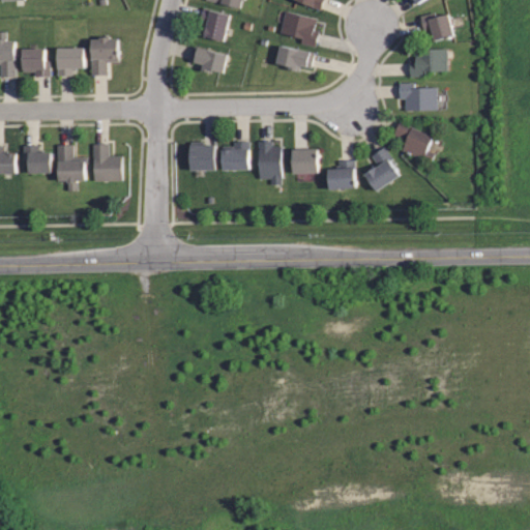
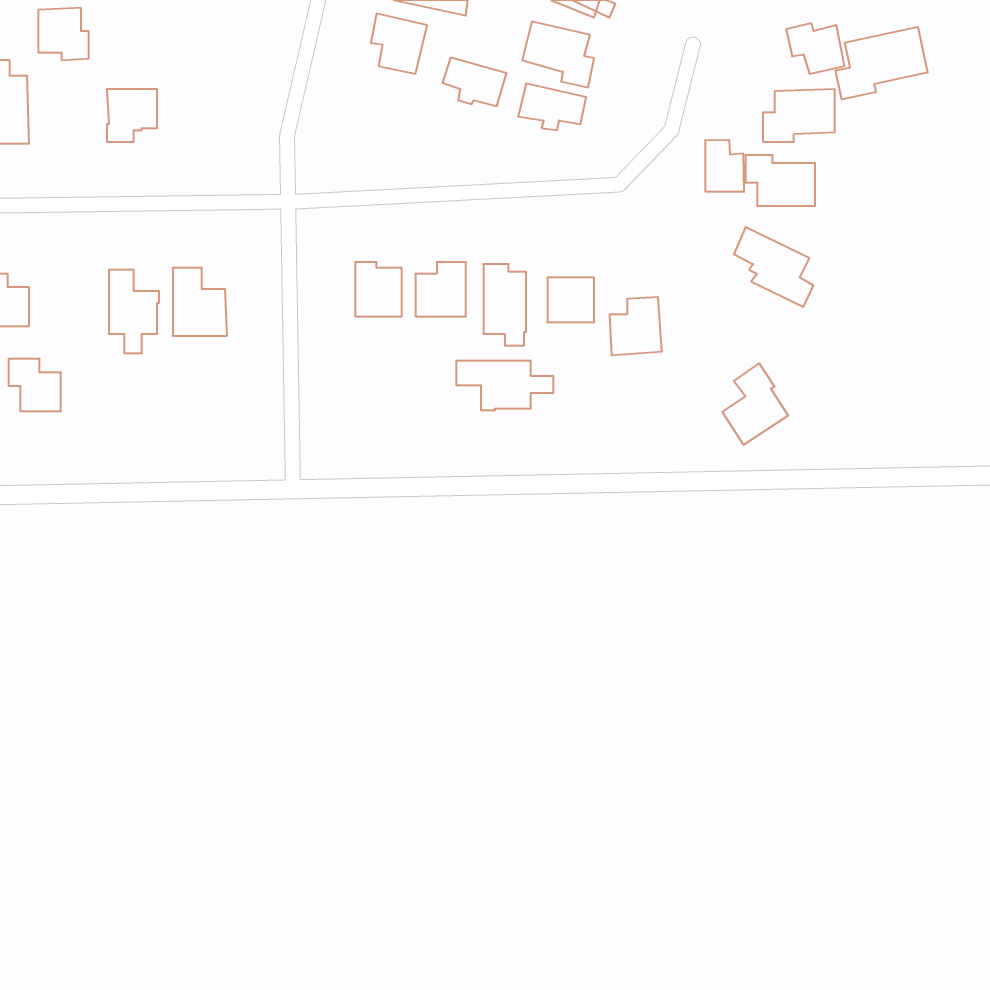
building: none -> [836,27,928,100]
building: [91,38,117,76] -> none
building: [192,47,226,72] -> [443,58,507,106]
building: [22,49,49,77] -> [38,8,89,60]
building: none -> [705,140,744,192]
building: [23,146,51,174] -> [9,359,61,411]
building: [362,147,398,190] -> [722,363,788,445]
building: none -> [456,360,553,411]

